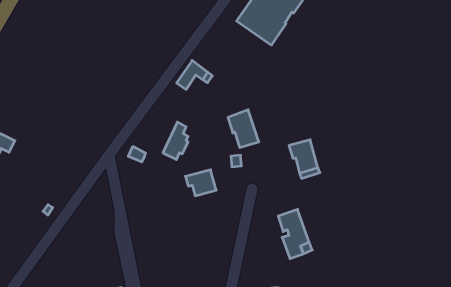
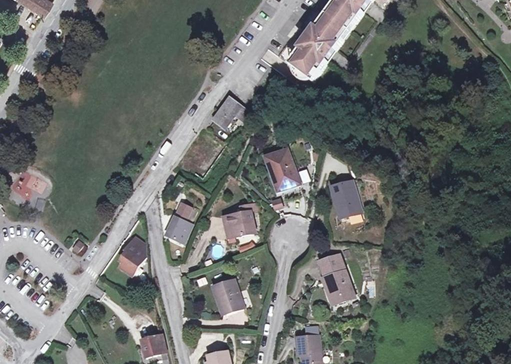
building: [163,122,188,160] -> [165,206,191,245]
building: none -> [119,239,144,276]
building: none -> [213,277,243,310]

